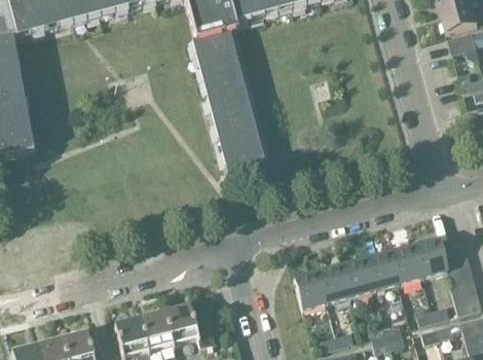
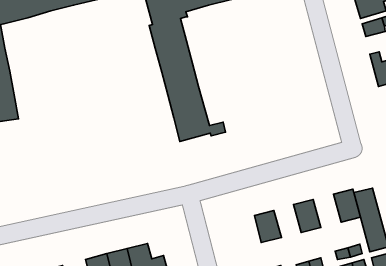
building: [391,243,424,283] -> none
building: [343,255,376,295] -> none
building: [295,268,328,308] -> none

